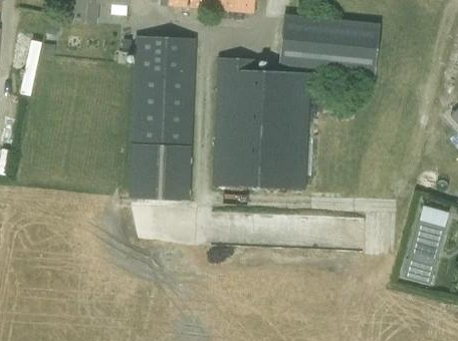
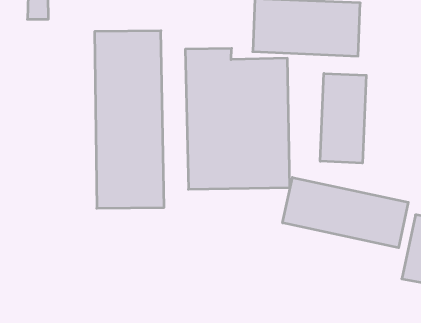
building: none -> [320,73,366,163]
building: none -> [283,177,408,248]

